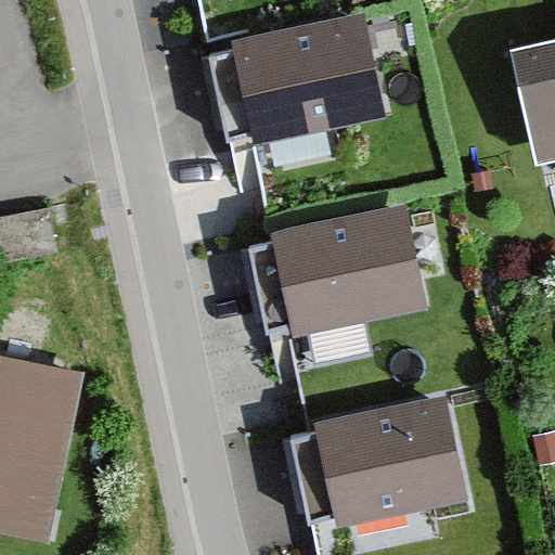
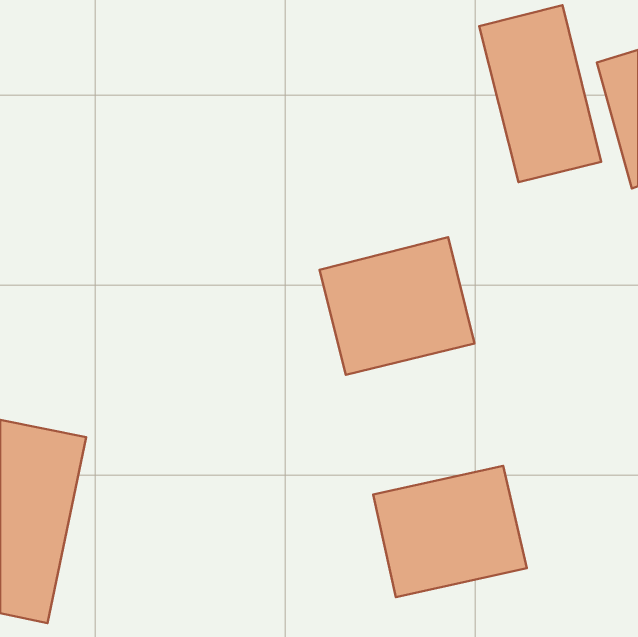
building: none -> [479,5,601,182]
building: [241,21,378,135] -> none

